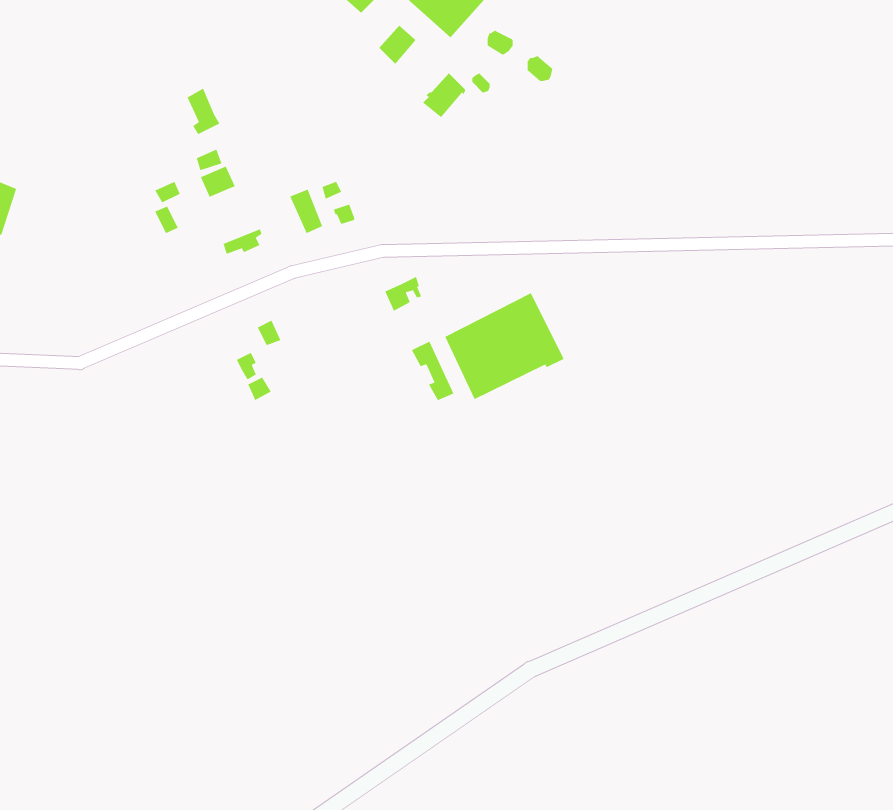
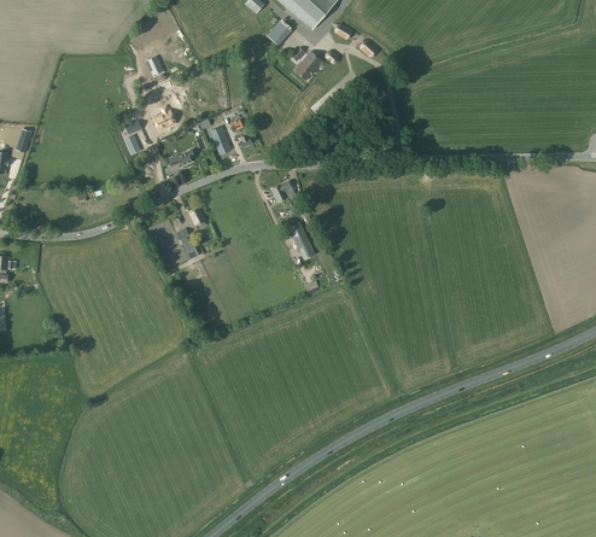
building: [444,292,565,400] -> none

